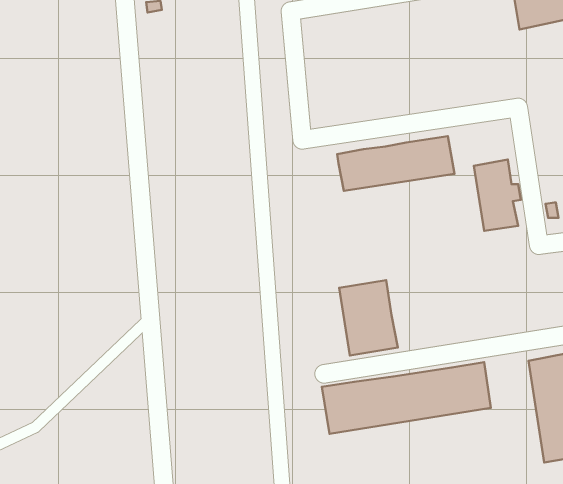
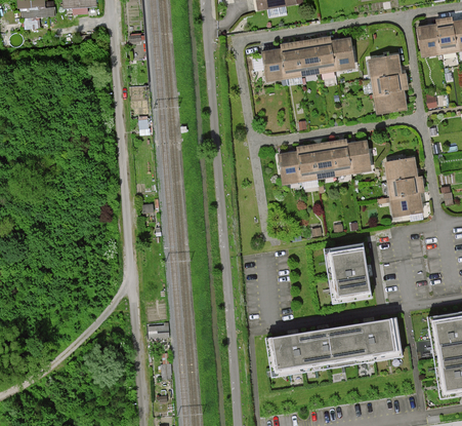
building: none -> [262,37,358,81]
building: none -> [368,52,411,115]
building: [339,280,398,355] -> [326,242,372,302]

